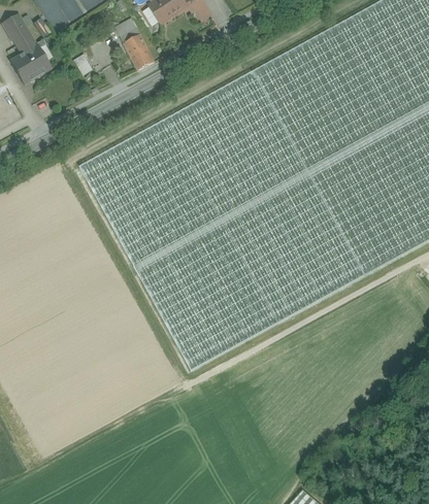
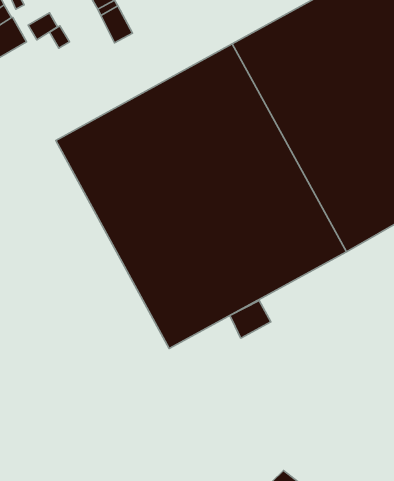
building: none -> [28,13,57,40]
building: none -> [230,300,271,338]

